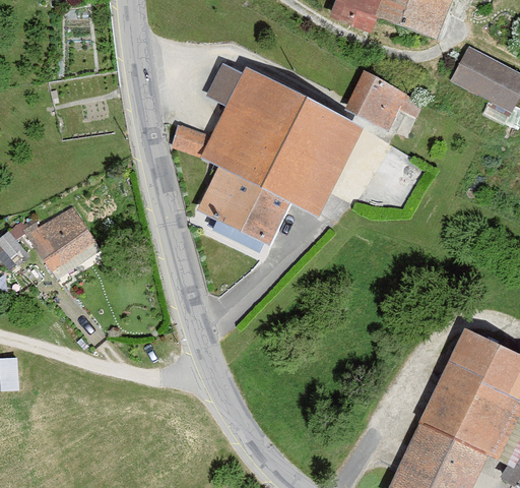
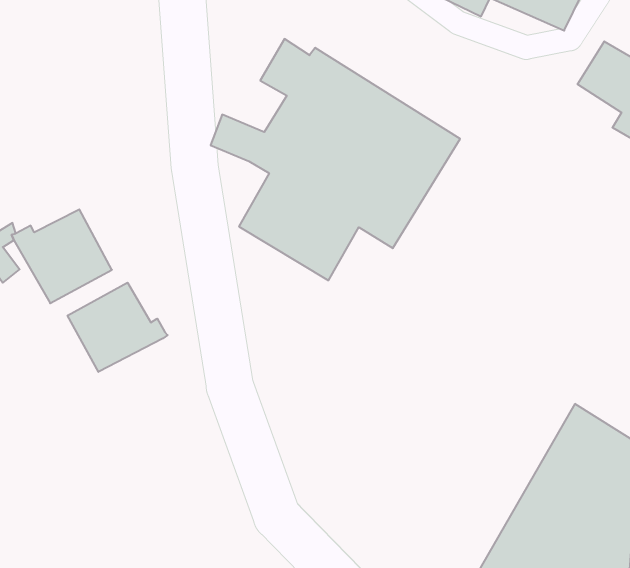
building: [346,70,422,130] -> none
building: none -> [68,283,168,372]

